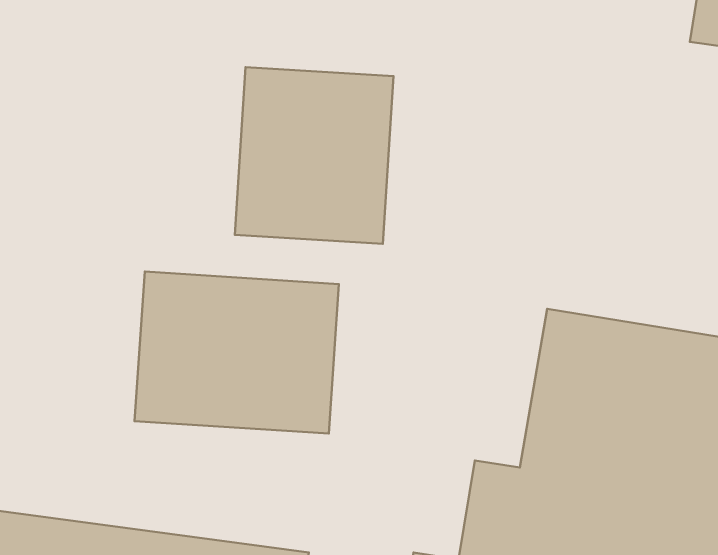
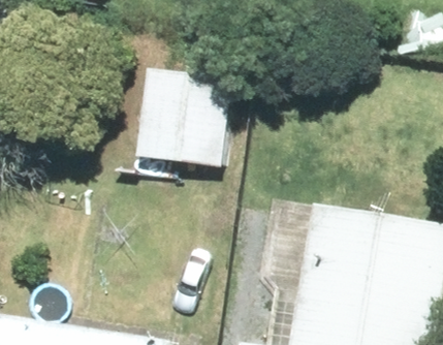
building: [135,272,339,434] -> none

